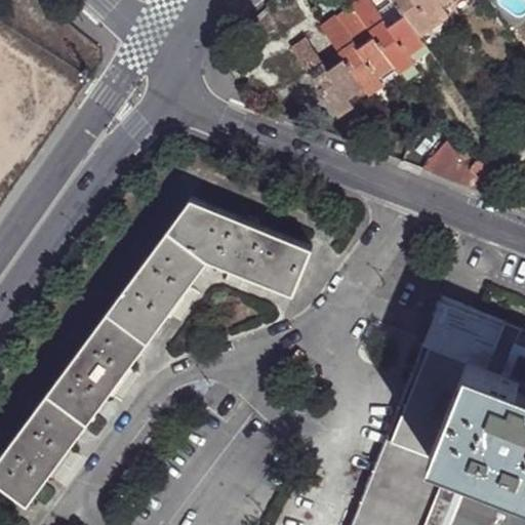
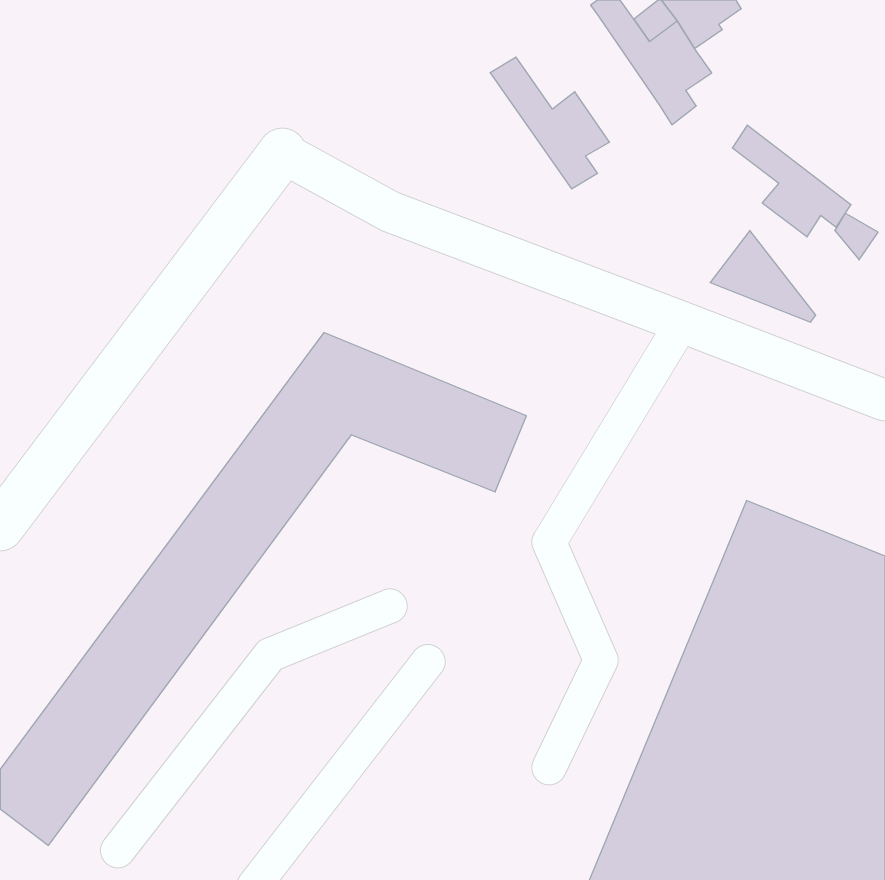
building: [320,13,391,95] -> none
building: none -> [732,125,851,237]

